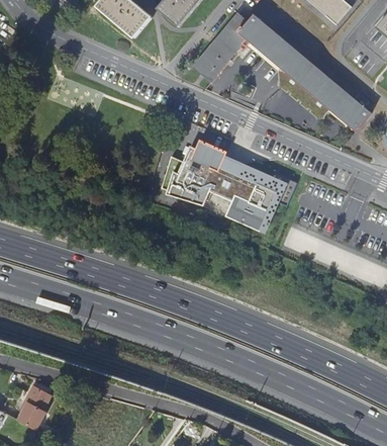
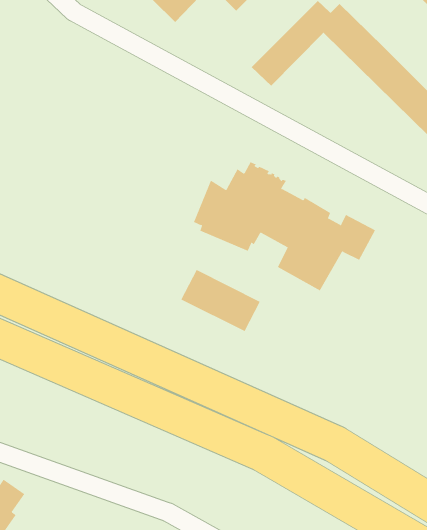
building: none -> [180,269,261,332]

